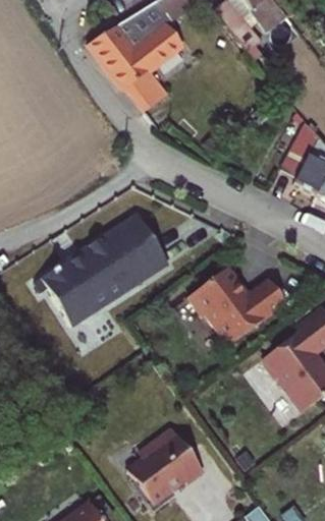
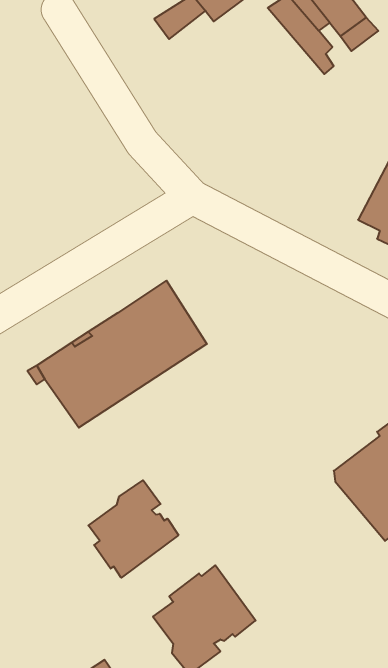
building: [89,23,181,107] -> none
building: [187,267,286,345] -> none
building: none -> [88,480,178,578]

